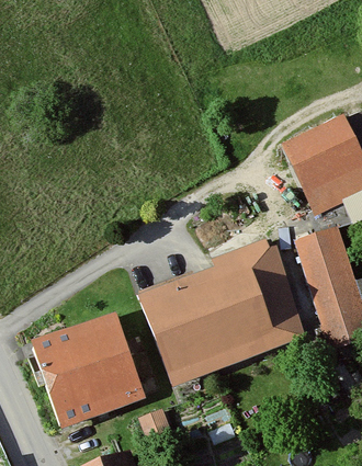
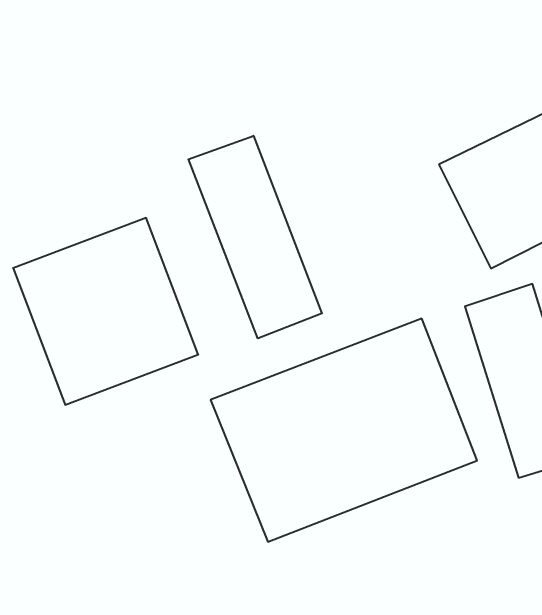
building: none -> [188,136,322,338]
building: [29,309,146,428] -> [13,218,198,405]

